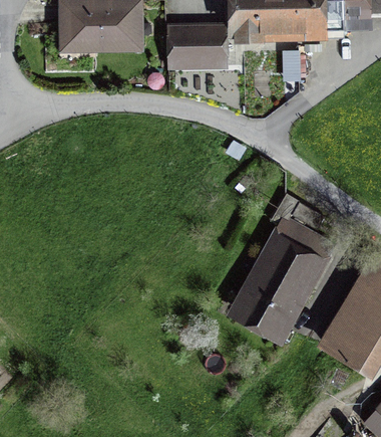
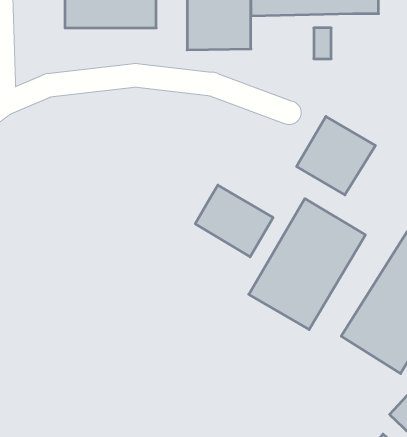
building: none -> [297,116,375,195]
building: none -> [195,185,273,257]

